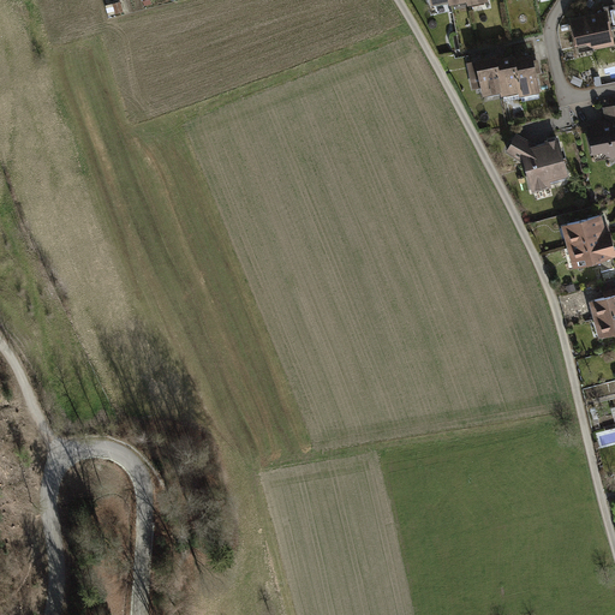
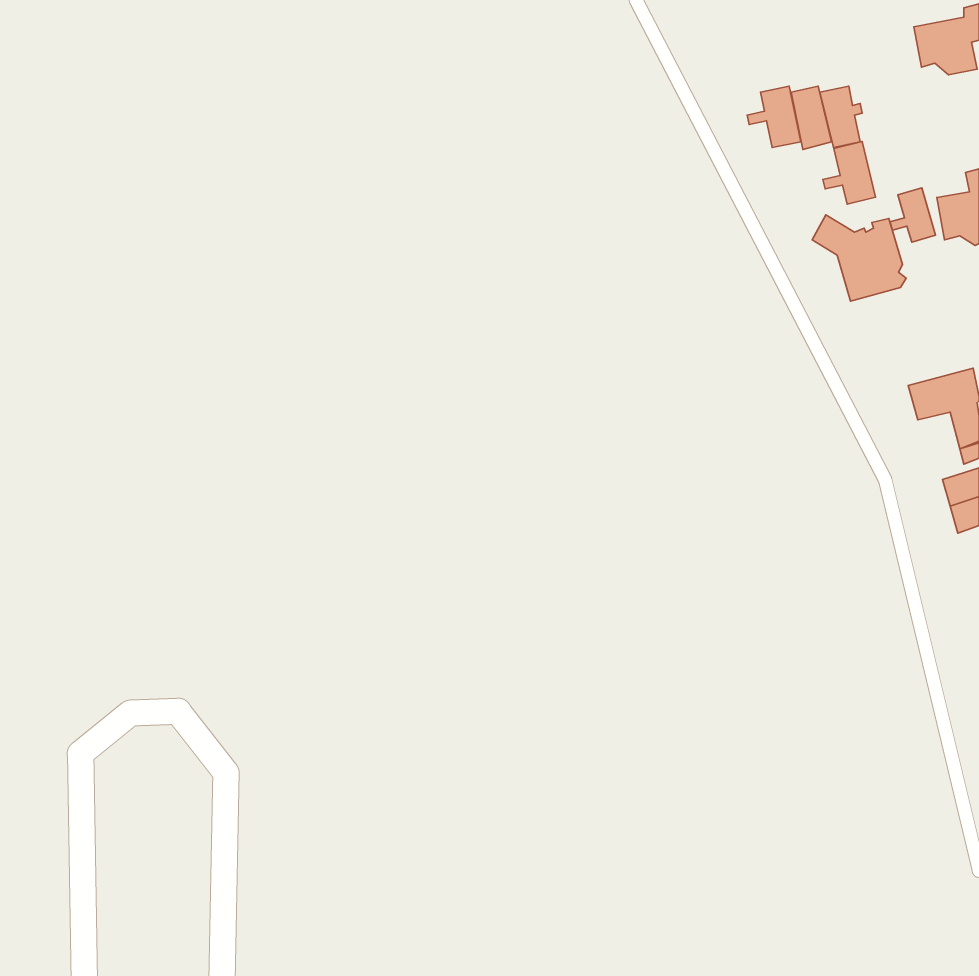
building: none -> [823,141,875,204]
building: none -> [890,188,936,242]
building: [565,216,605,244] -> none

